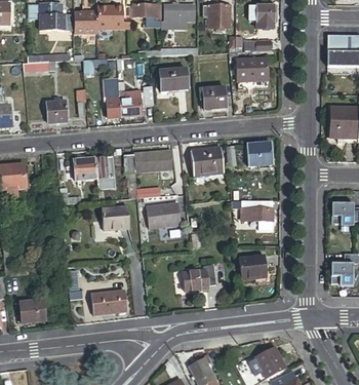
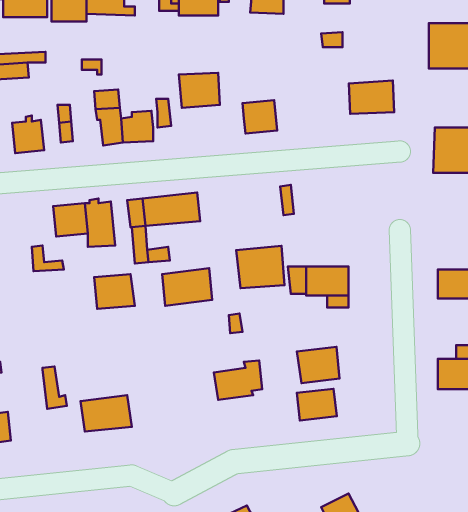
building: [236,57,267,80] -> [349,80,394,114]
building: [248,143,273,163] -> none
building: [191,147,224,176] -> [236,246,285,288]
building: none -> [297,389,337,420]

